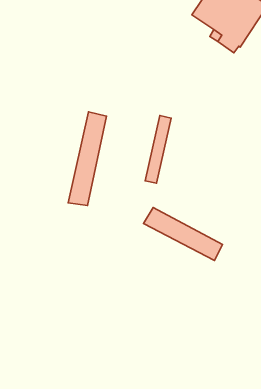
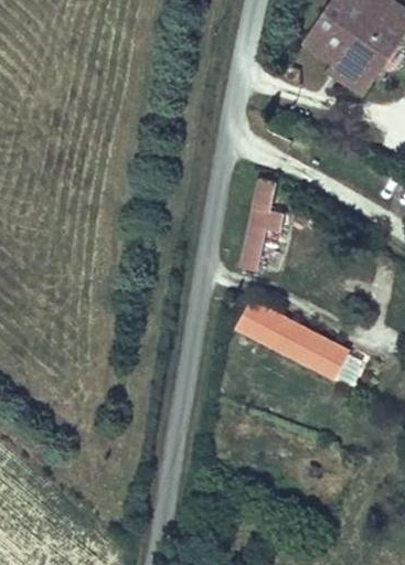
building: [68,112,107,206] -> none

